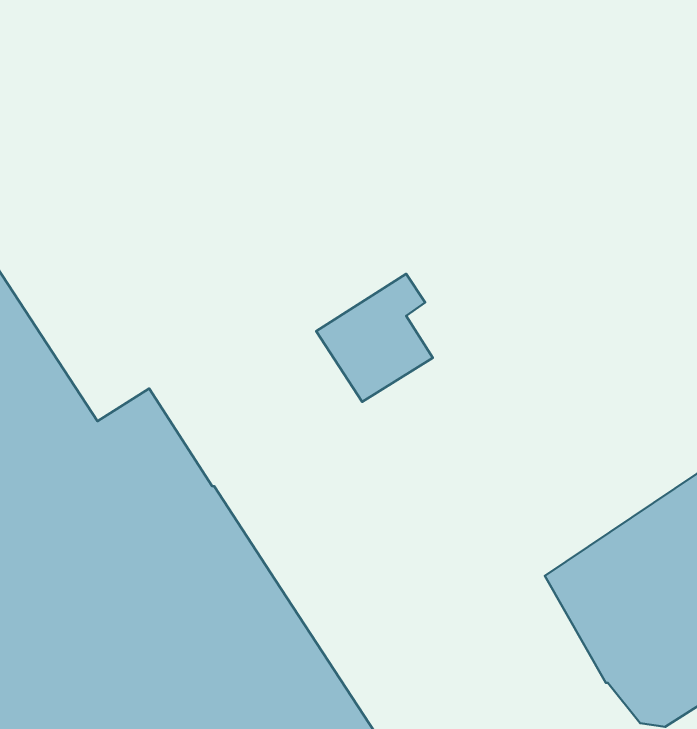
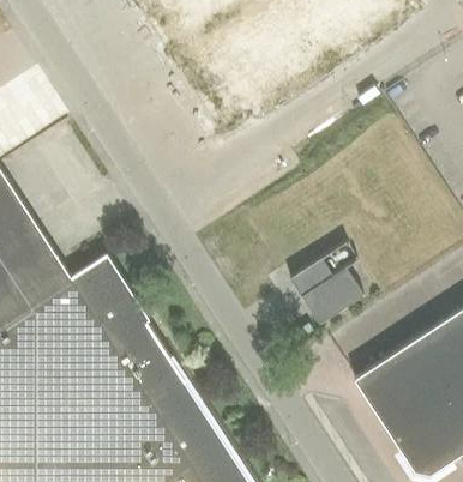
building: [316,274,433,402] -> [291,245,365,325]

